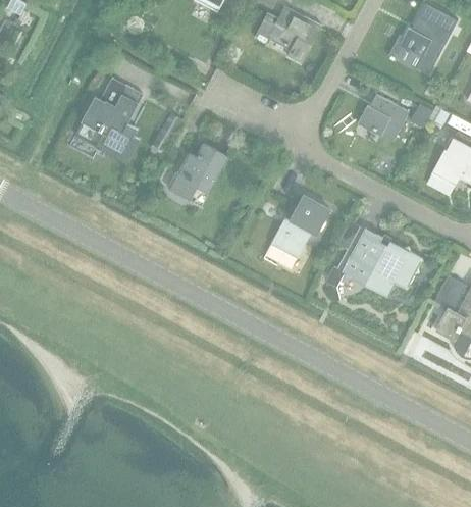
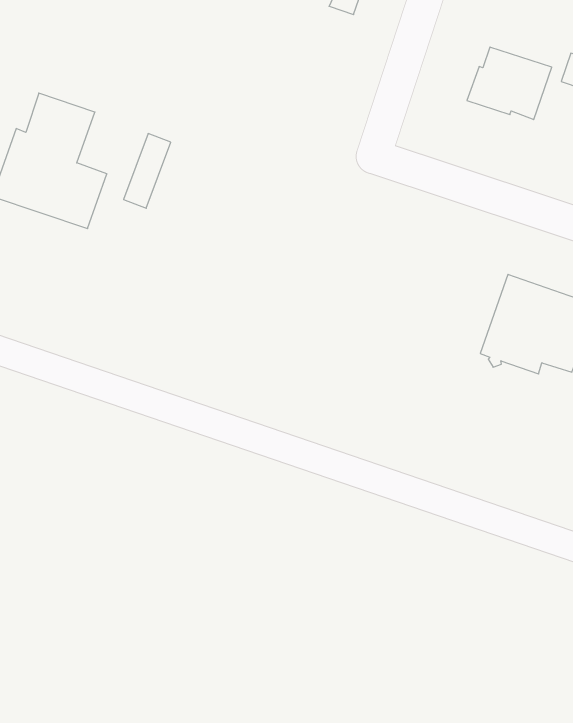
building: [170,143,228,204] -> none
building: [270,196,329,258] -> none

